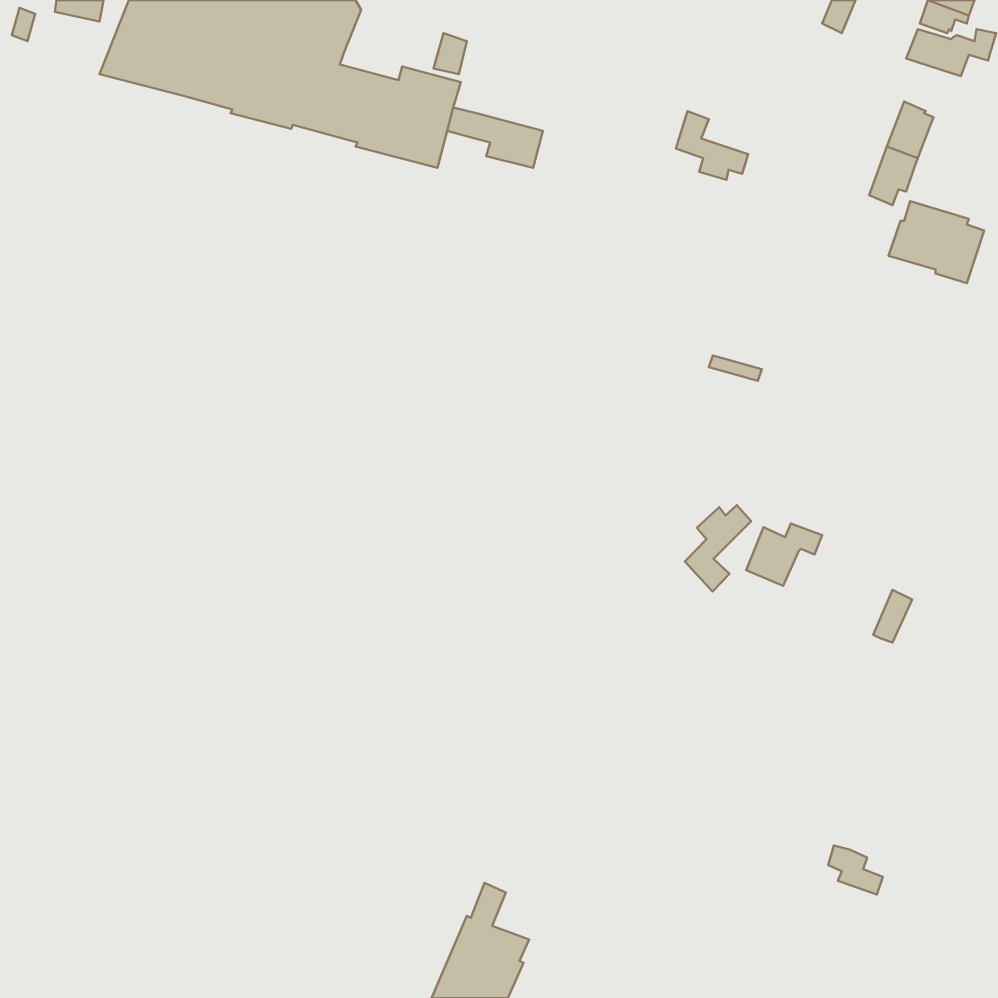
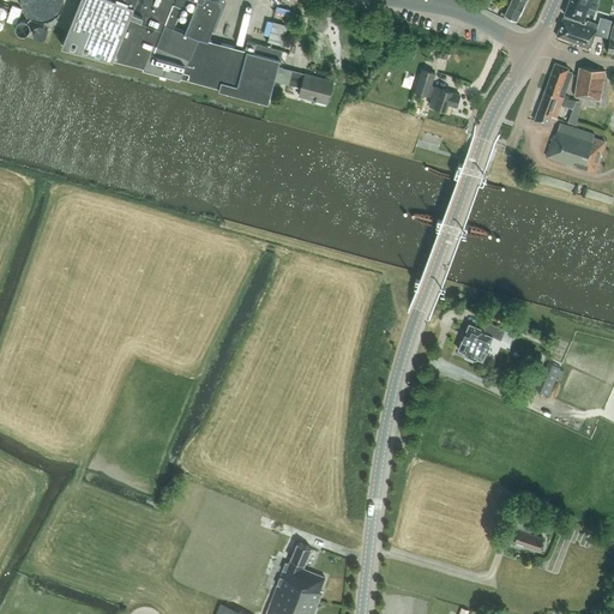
building: none -> [574,67,604,101]
building: [685,505,751,592] -> none

